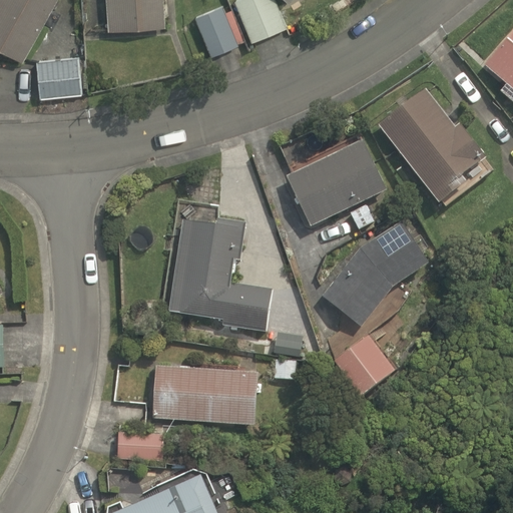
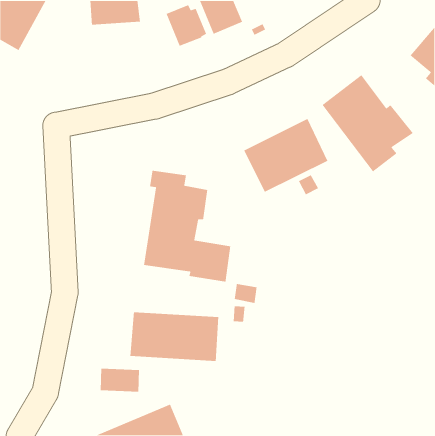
building: [36,57,81,97] -> none
building: [322,220,428,328] -> none
building: [334,335,394,397] -> none

